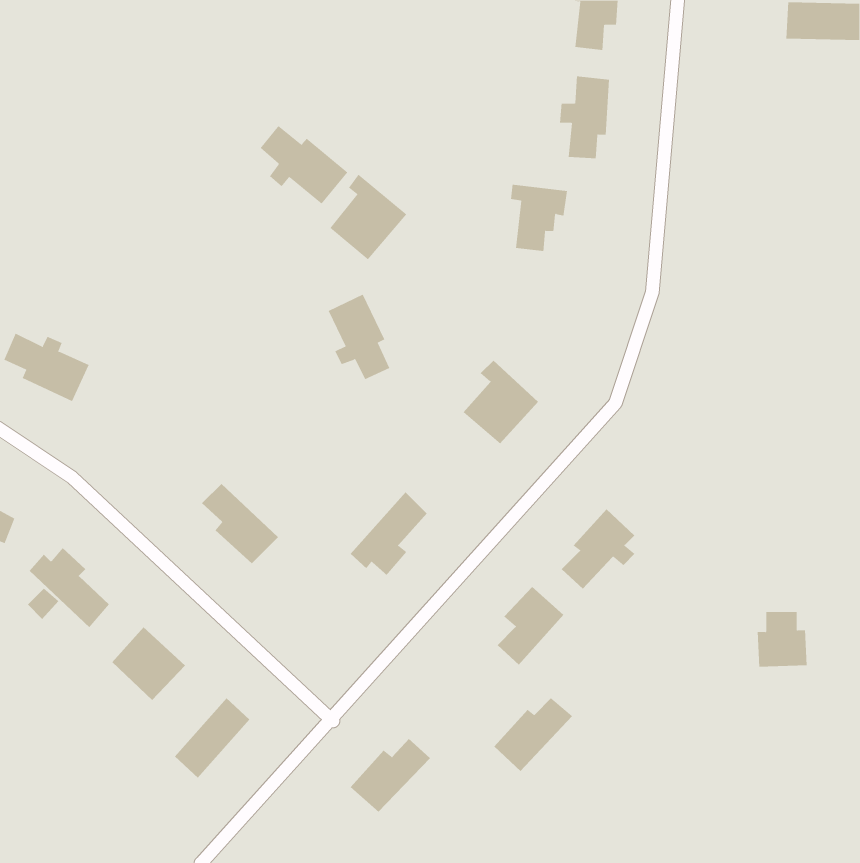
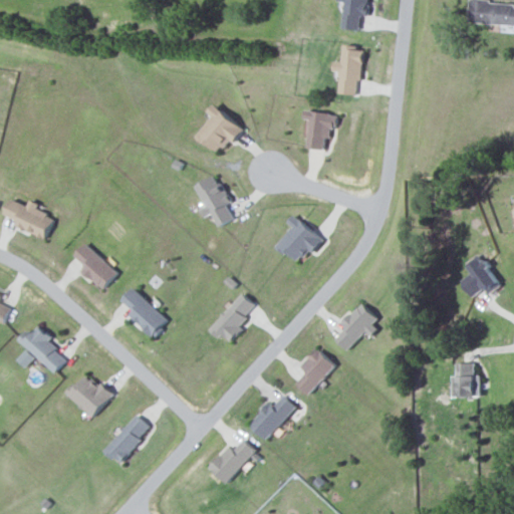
building: [260,125,348,205] -> none
building: none -> [72,242,116,289]
building: none -> [459,253,500,297]
building: [494,697,573,772] -> [248,396,295,440]

